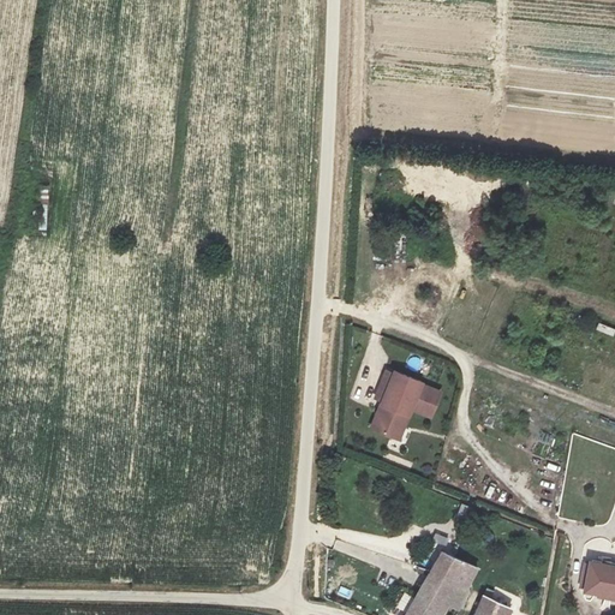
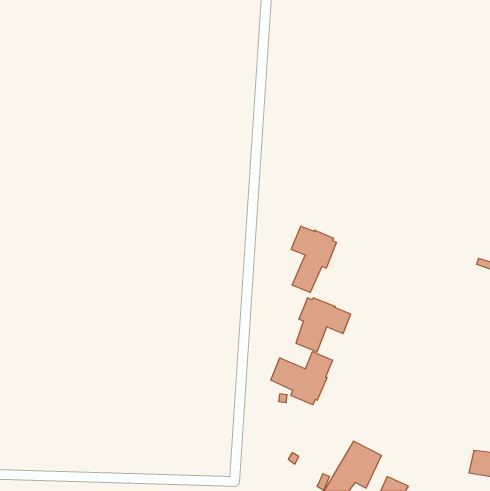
building: none -> [291,226,337,293]
building: none -> [271,352,333,405]

